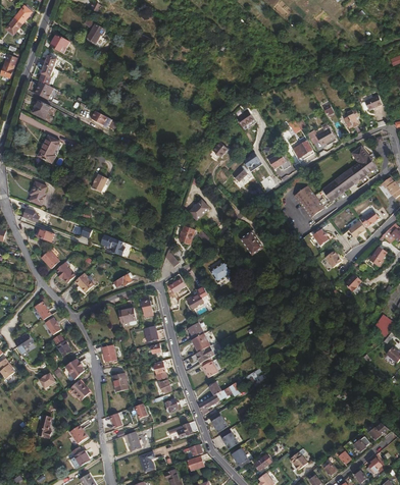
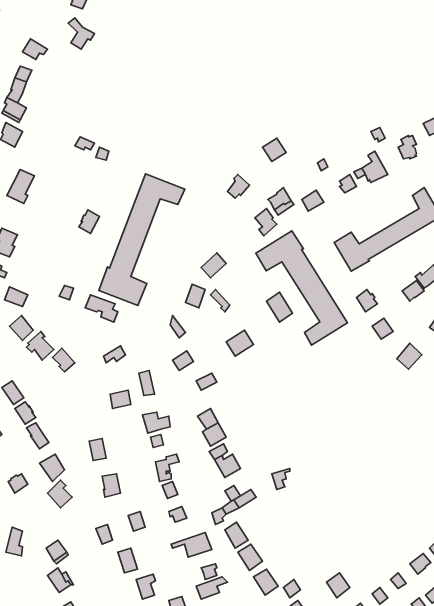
building: none -> [99,174,185,306]
building: none -> [256,231,347,345]

